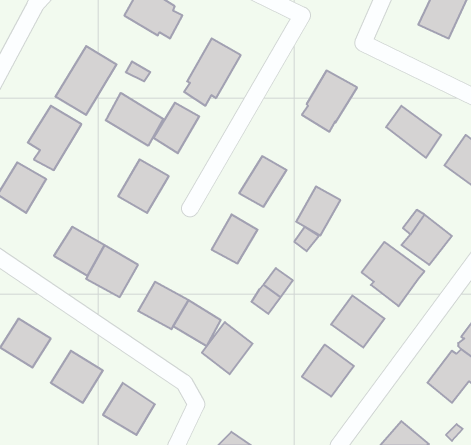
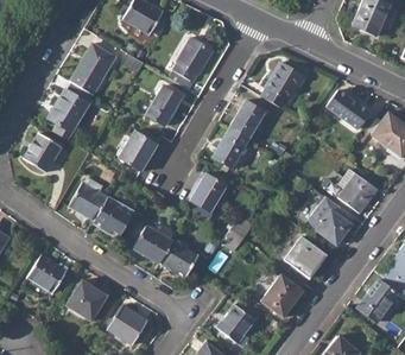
building: [106,93,163,146] -> none
building: [296,186,340,235] -> [230,101,265,139]
building: [202,322,253,374] -> [217,304,257,344]

